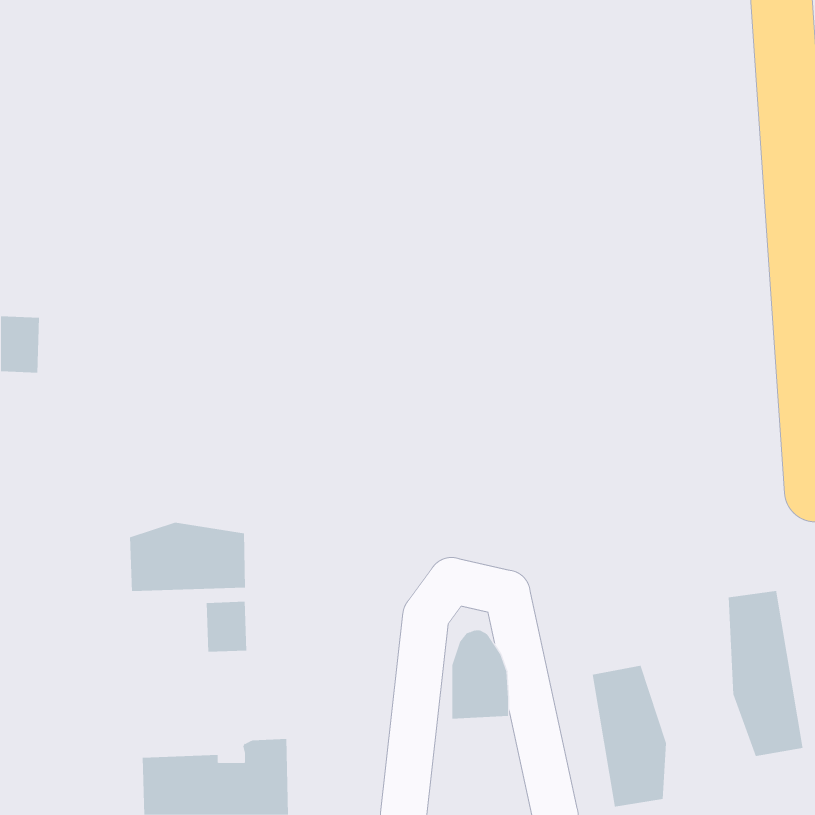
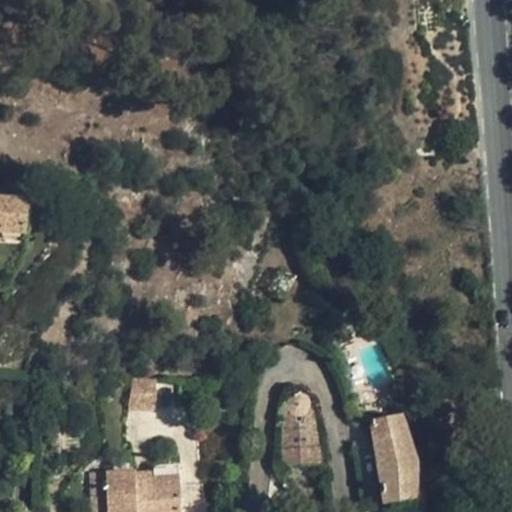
building: [129,522,245,592] -> none
building: [728,590,803,757] -> none

